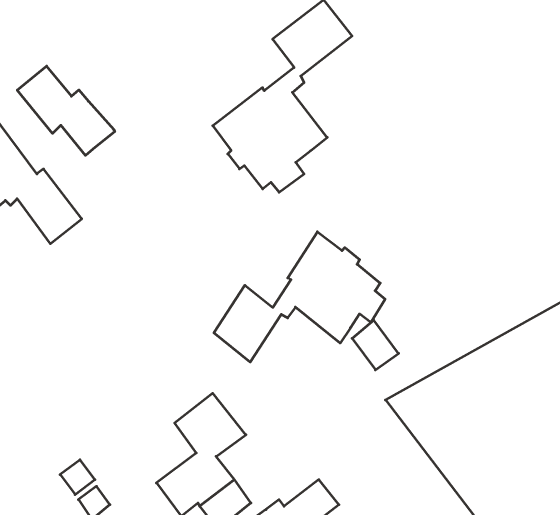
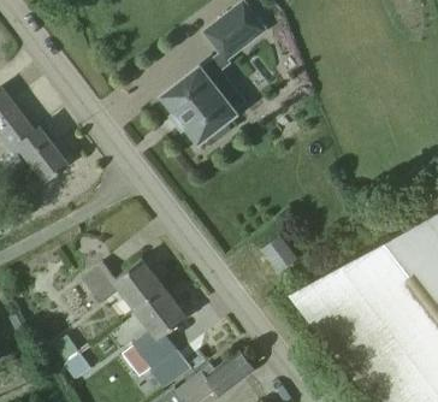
building: [17,66,115,155] -> none
building: [214,232,385,362] -> none
building: none -> [81,259,164,309]

